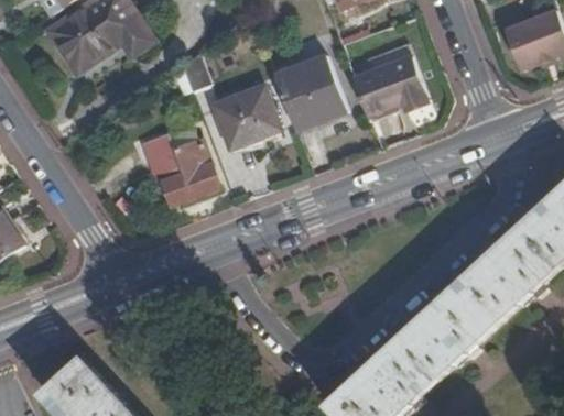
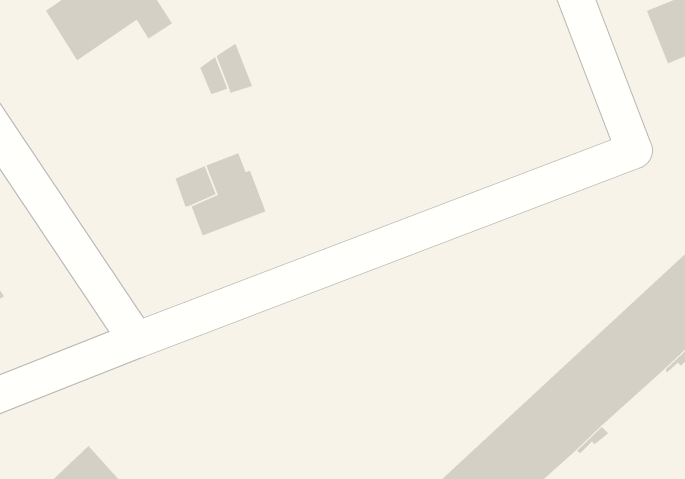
building: [272,54,345,131] -> none
building: [352,55,426,116] -> none
building: [214,87,279,146] -> none

